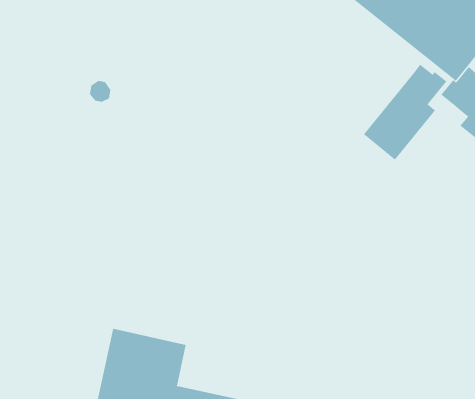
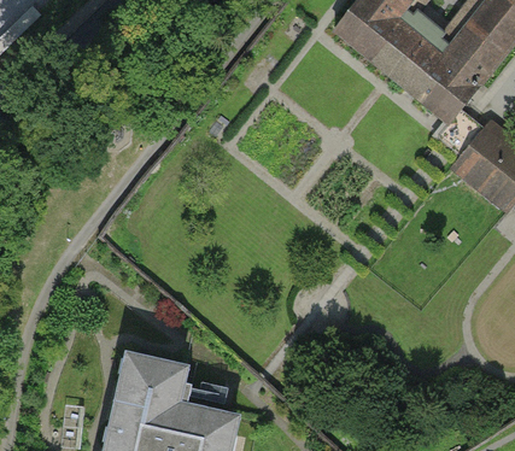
building: [363,64,447,160] -> none

